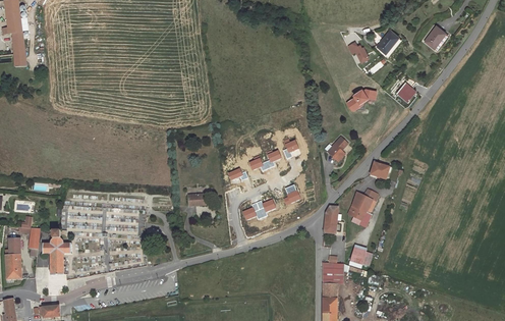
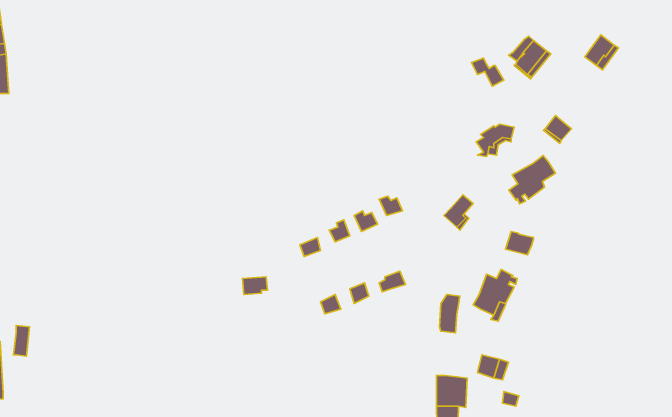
building: none -> [509,155,556,204]
building: [42,230,71,274] -> none

